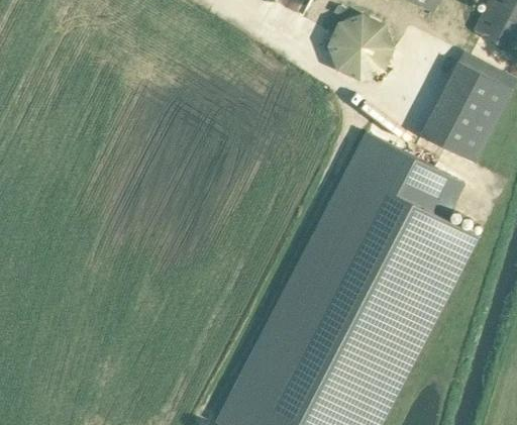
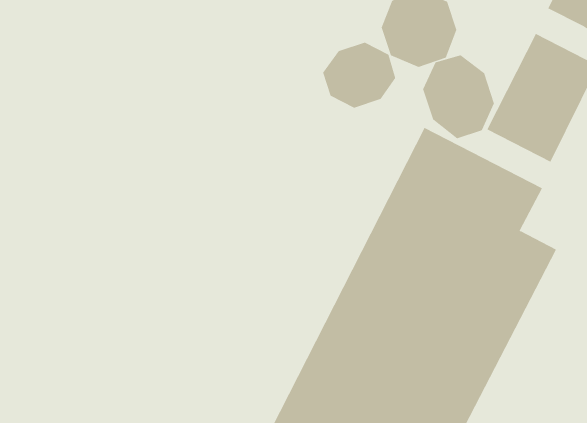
building: none -> [322,42,396,108]
building: none -> [422,55,495,139]

